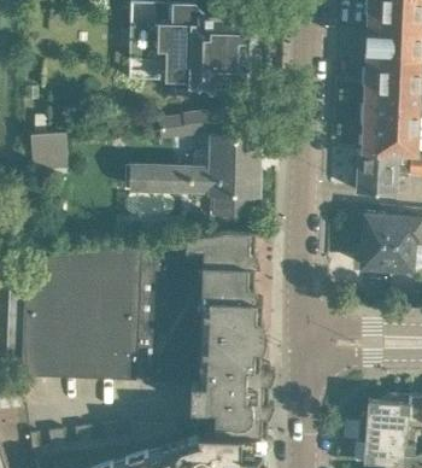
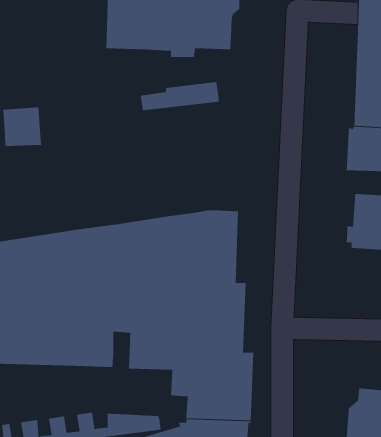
building: [124,136,258,218] -> none

